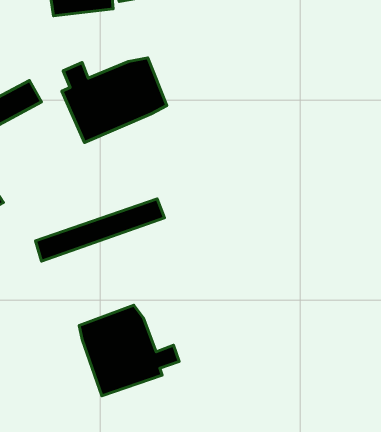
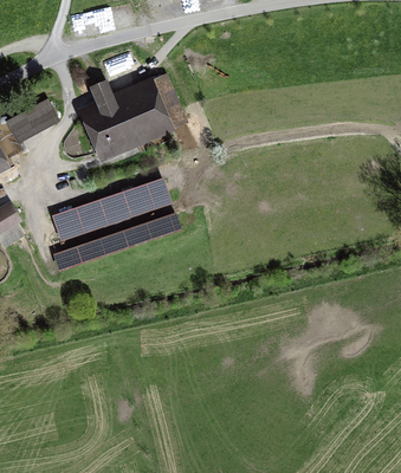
building: none -> [52,180,170,241]
building: [79,305,179,396] -> none

